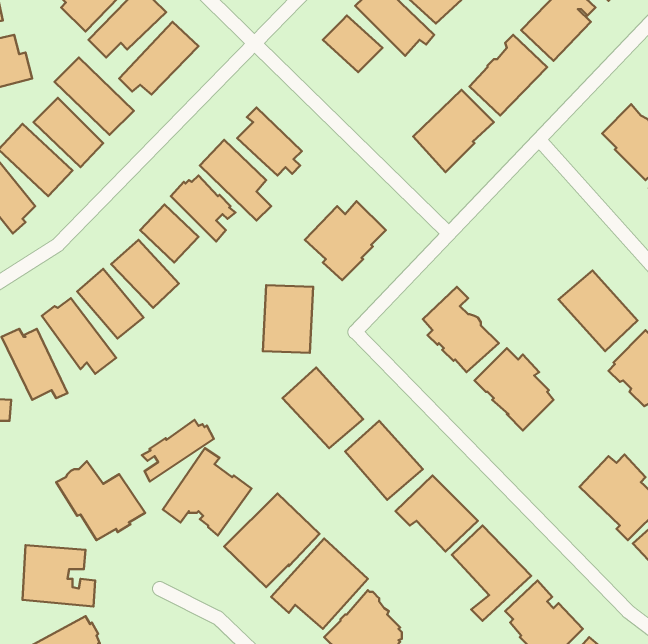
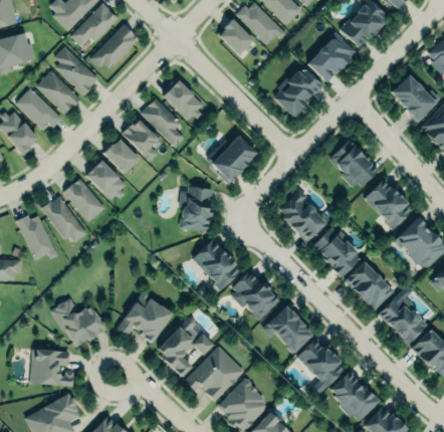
building: none -> [329,139,379,187]
building: none -> [346,261,395,309]
building: [142,420,214,482] -> none

